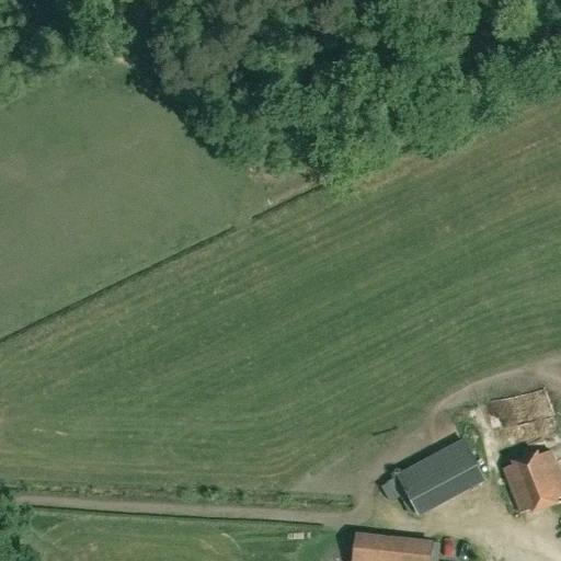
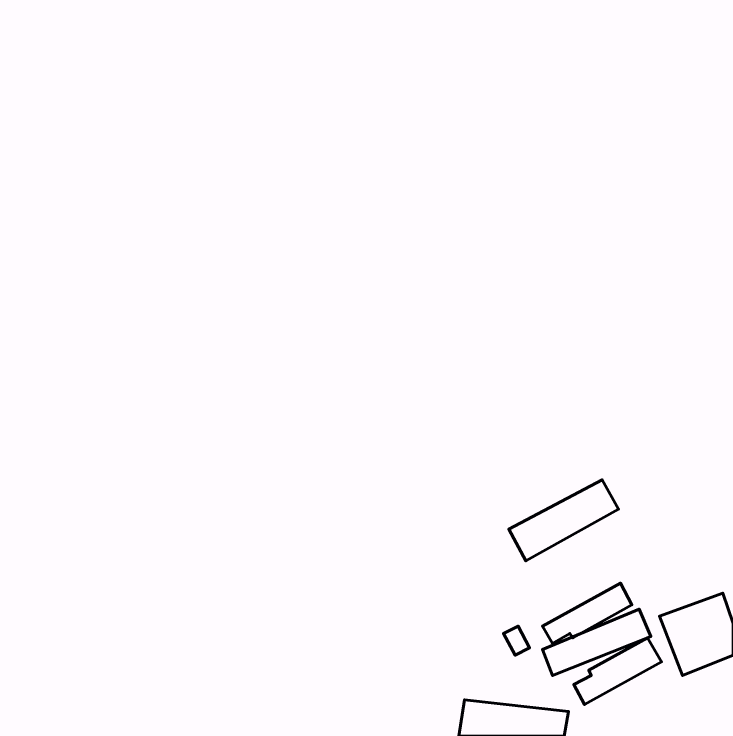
building: none -> [509,480,619,561]
building: none -> [574,638,661,705]

